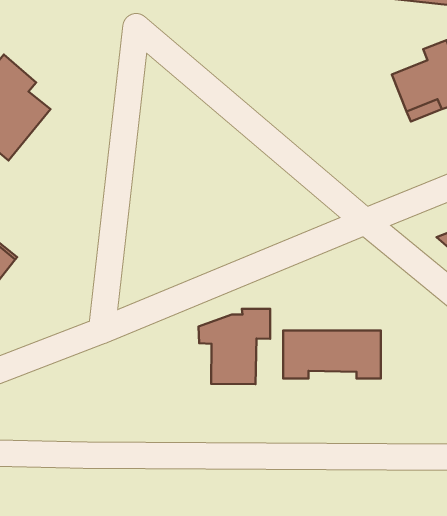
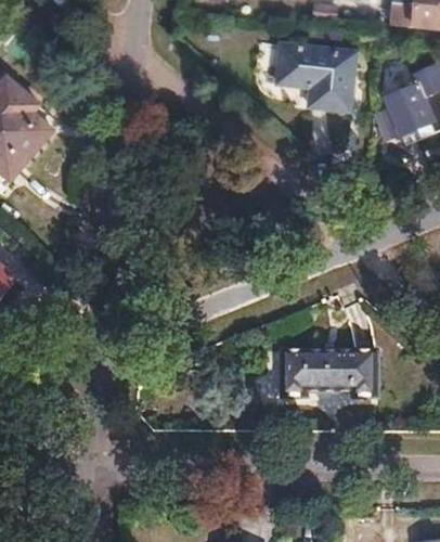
building: none -> [274,42,352,109]
building: [198,309,270,384] -> none

